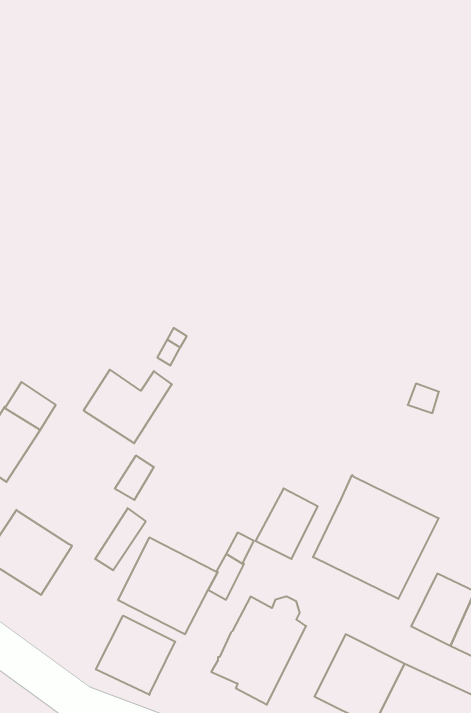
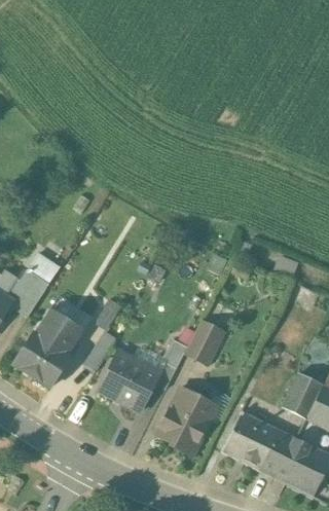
building: [84,370,172,443] -> [35,308,90,355]
building: [313,475,439,599] -> none
building: [96,616,175,695] -> none

